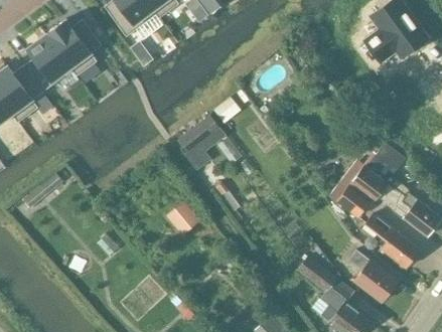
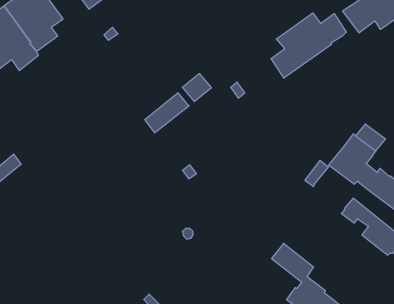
building: none -> [271,13,346,78]
building: [337,184,371,216] -> none
building: [168,198,204,234] -> none
building: [349,250,397,301] -> none

